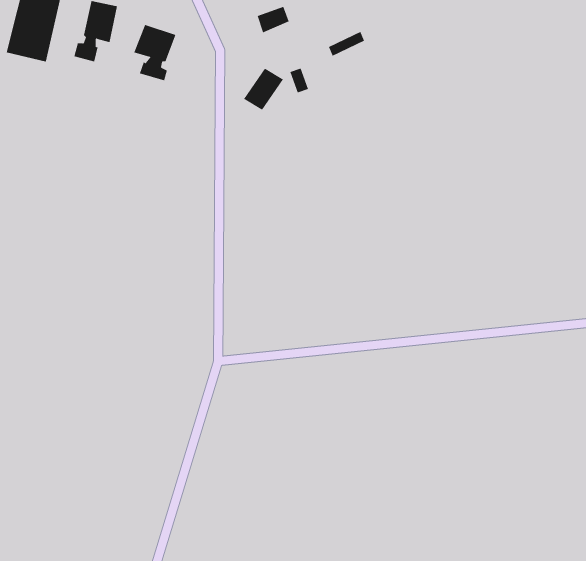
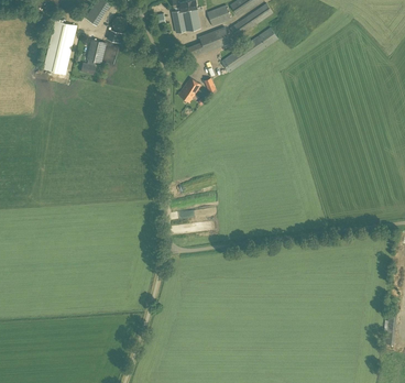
building: [133,24,176,81] -> none

